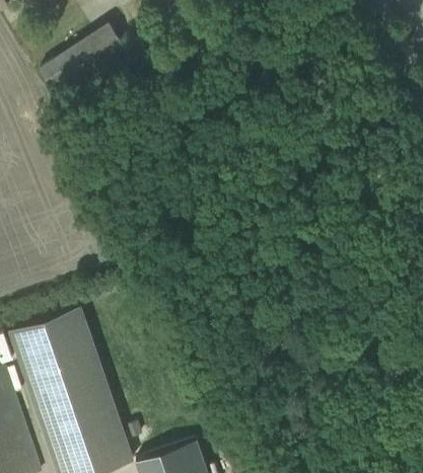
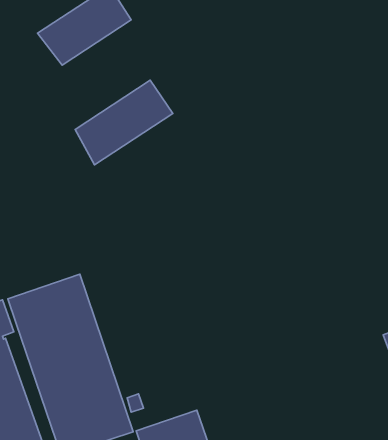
building: none -> [75,80,173,165]

